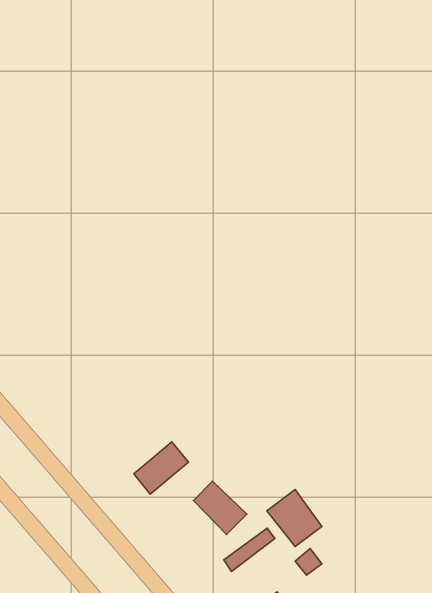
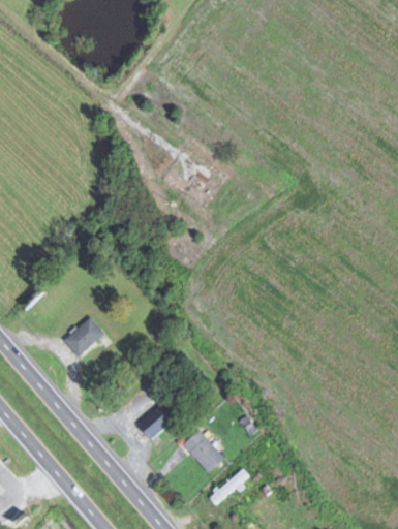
building: none -> [62,316,104,357]
building: [267,489,322,546] -> none

